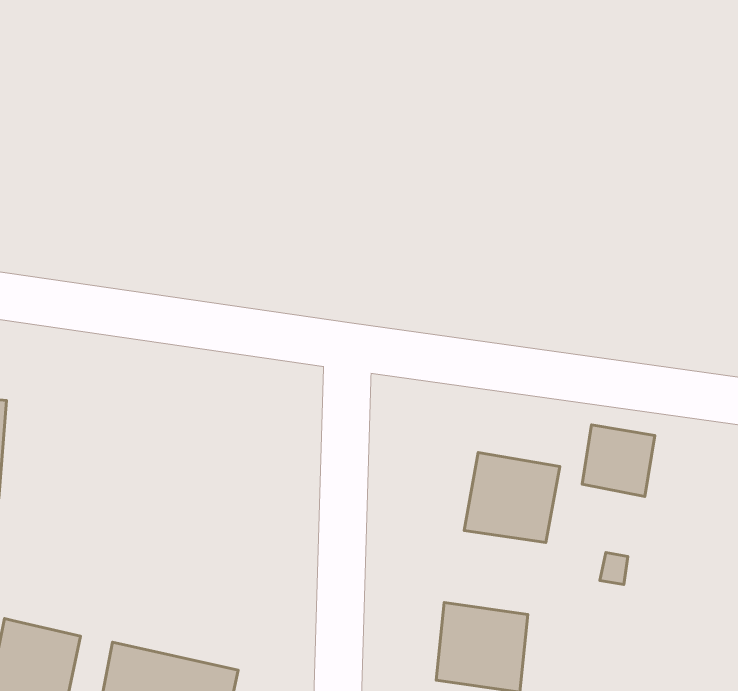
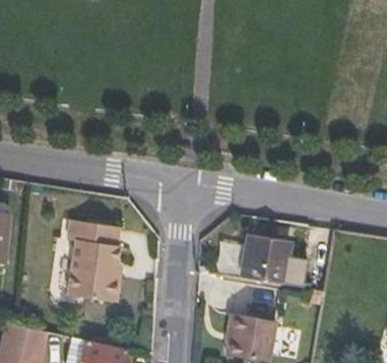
building: none -> [70,221,122,302]
building: [582,425,655,497] -> none

